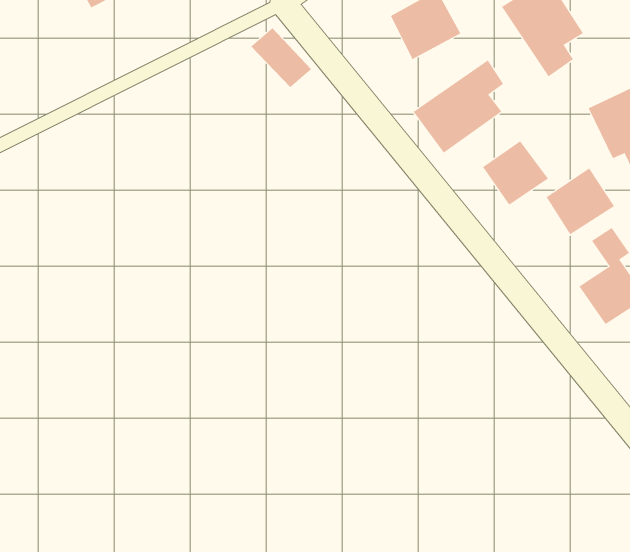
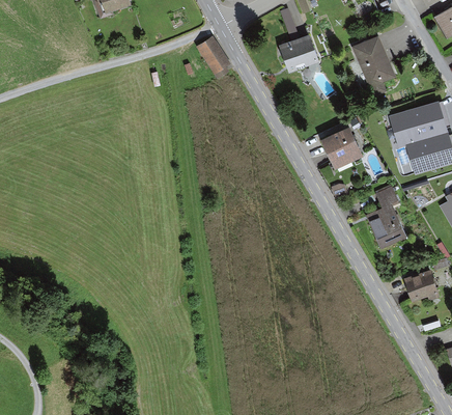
building: [413,60,504,154] -> none
building: [546,167,615,235] -> none

